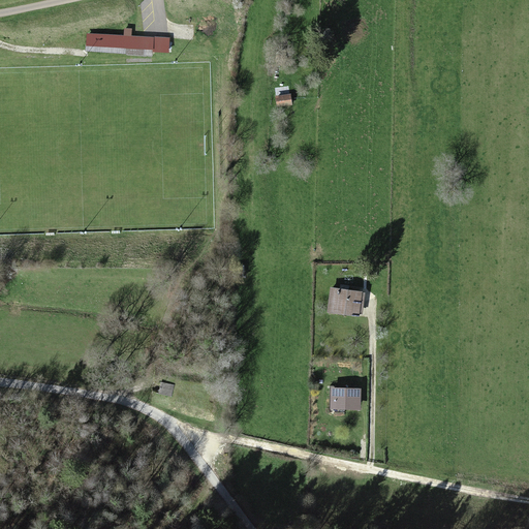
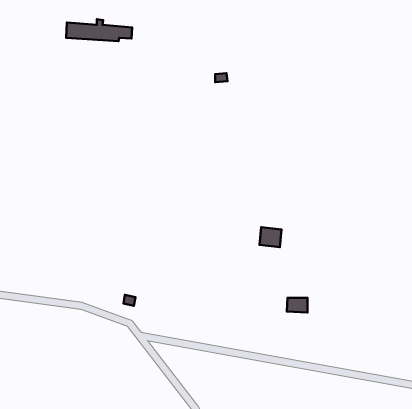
building: [332,391,359,409] -> [287,298,308,312]

